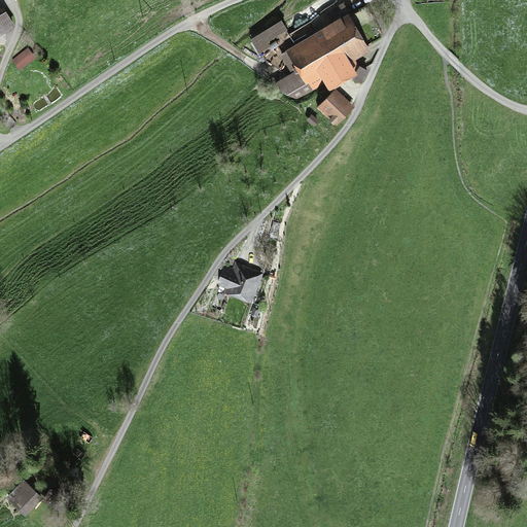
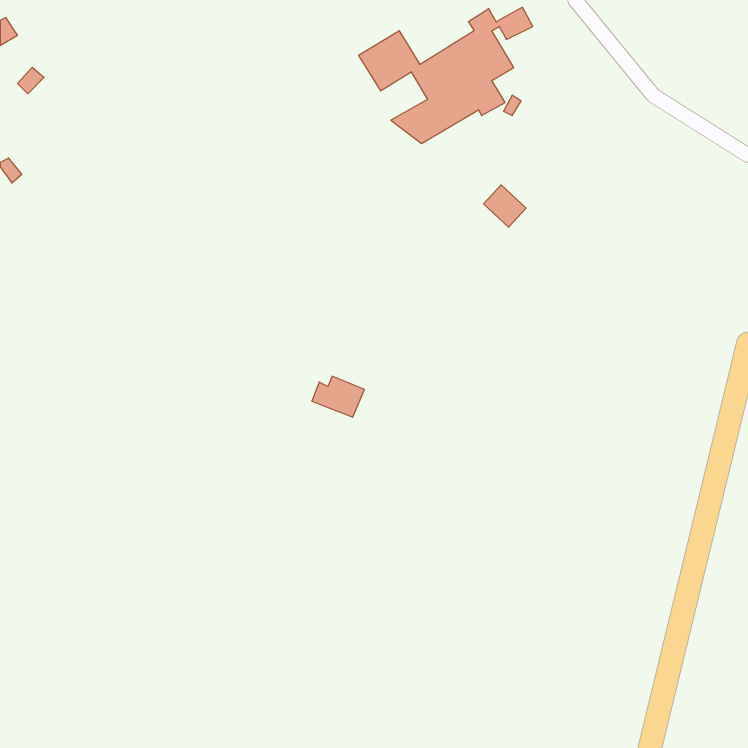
building: [322,92,352,121] -> [484,185,526,227]
building: [9,482,40,514] -> none

